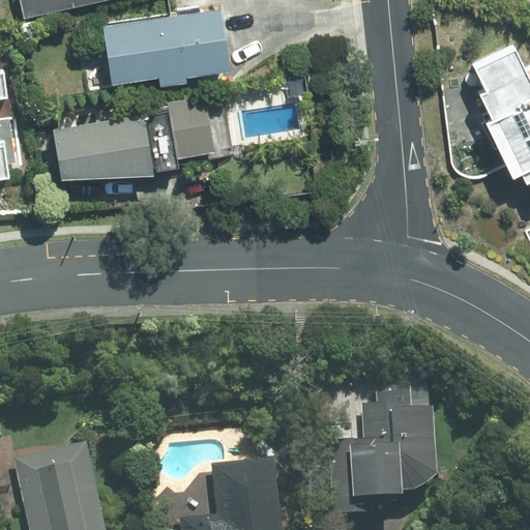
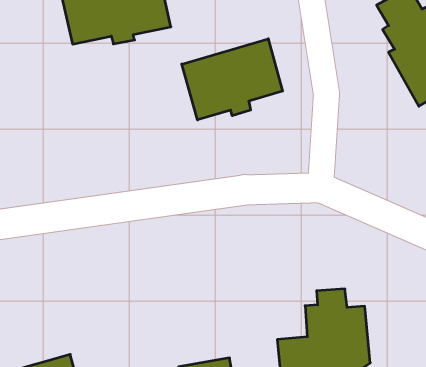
building: none -> [182,39,283,120]
building: [53,96,216,178] -> none

